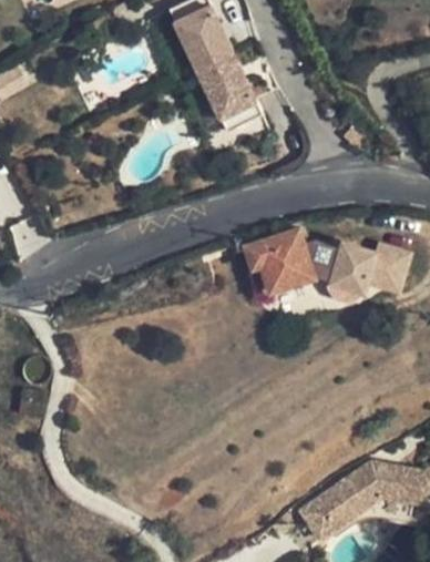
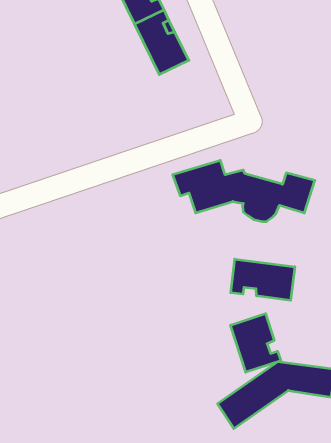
building: none -> [231,259,295,300]
building: none -> [231,314,281,372]

